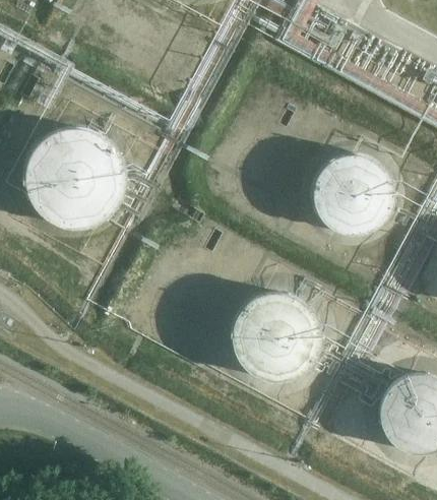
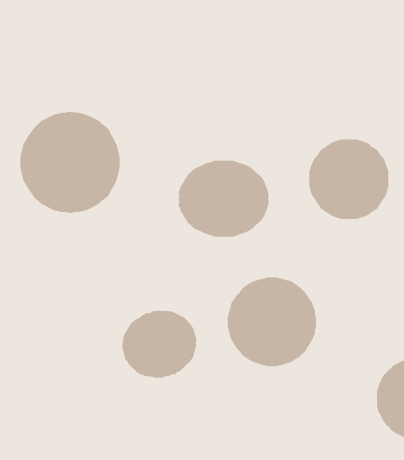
building: none -> [178,160,269,237]
building: none -> [122,310,197,378]

